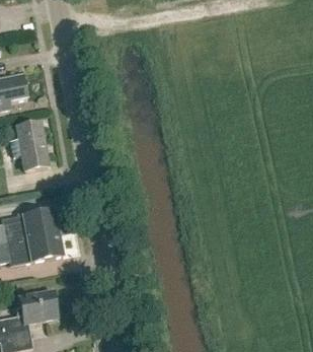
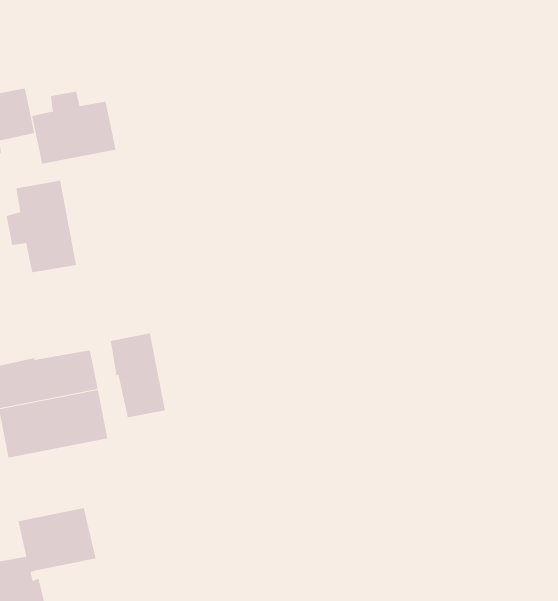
building: none -> [32,91,116,165]
building: none -> [110,332,165,418]

